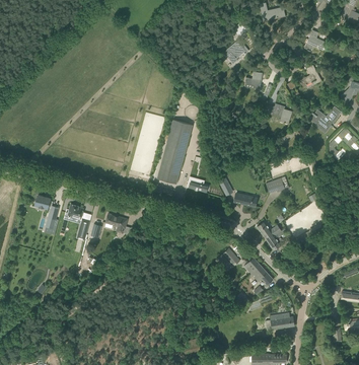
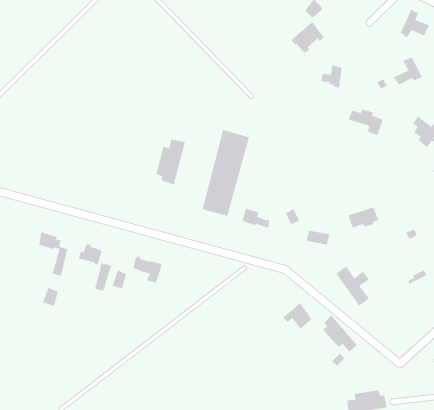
building: none -> [156,139,186,185]

